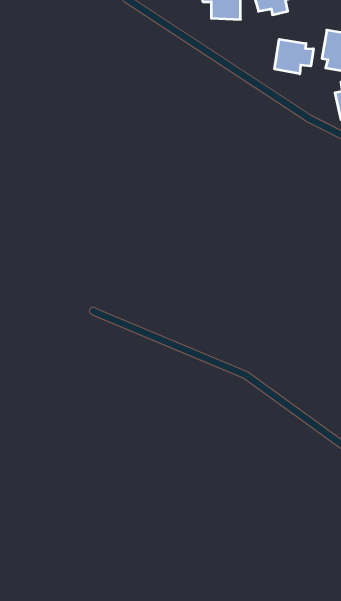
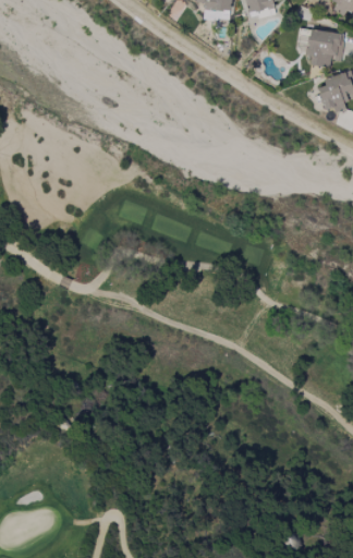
building: [275,39,313,74] -> none

